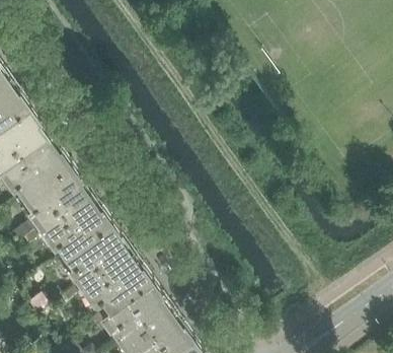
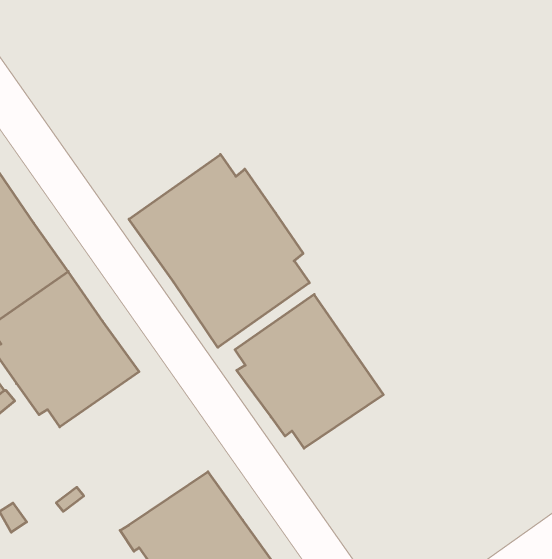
building: none -> [129,154,309,347]
building: [65,225,152,315] -> [235,294,383,448]

